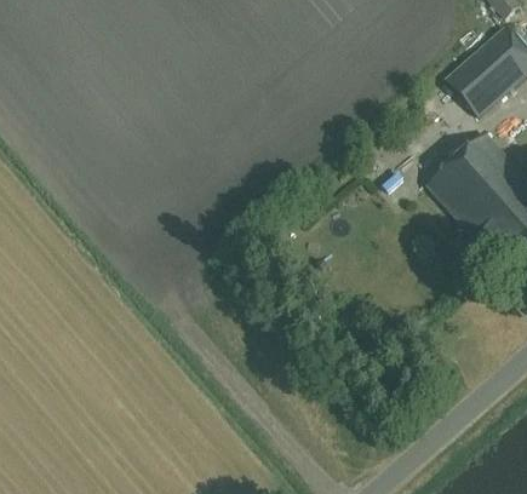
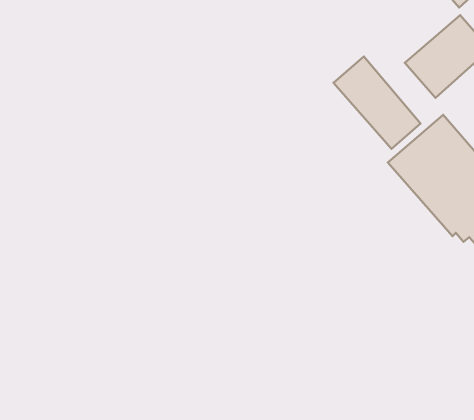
building: none -> [334,57,421,149]

